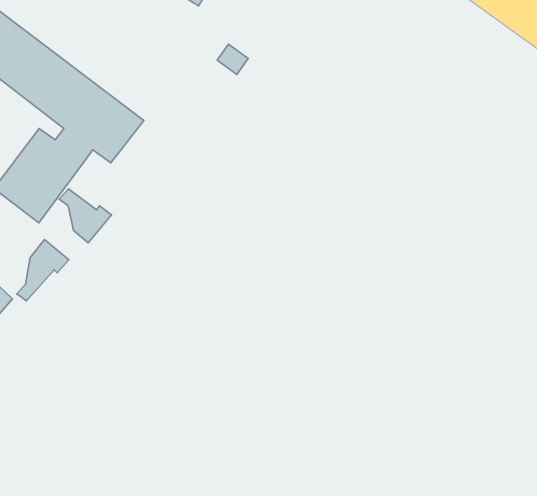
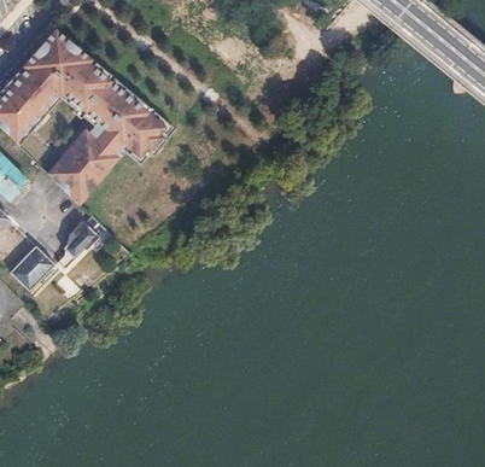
building: [59,189,111,243] -> none

